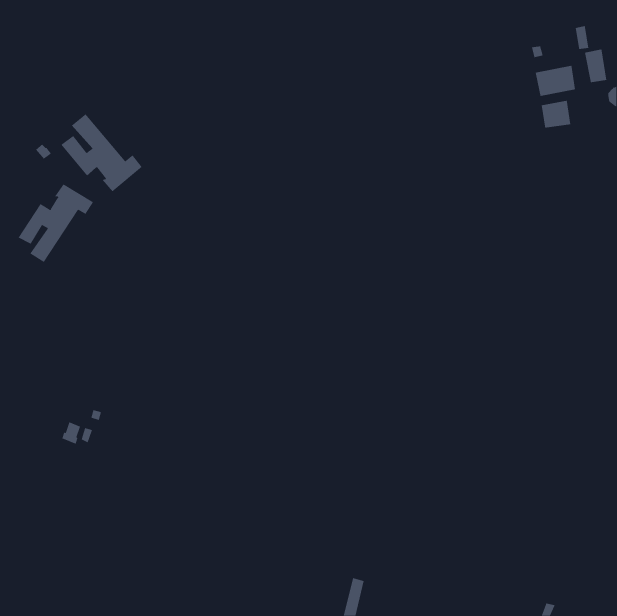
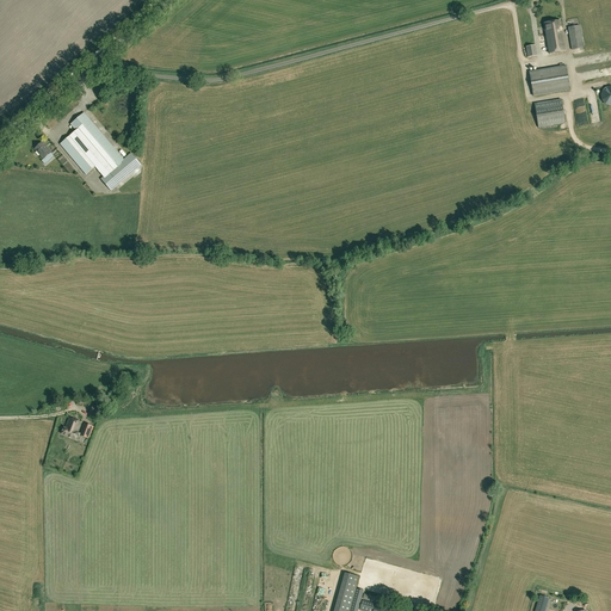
building: [584,49,607,83] -> [543,19,566,53]
building: [18,183,94,263] -> none

